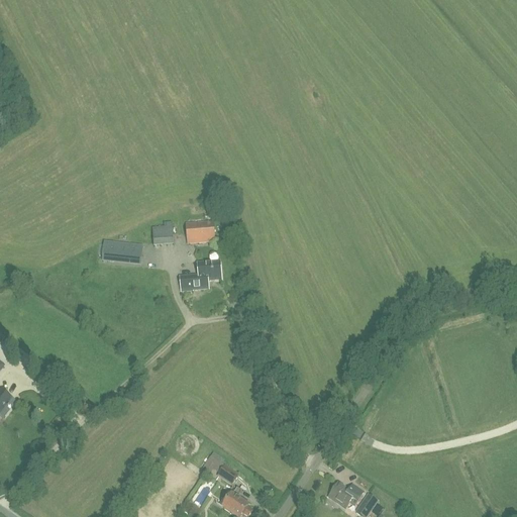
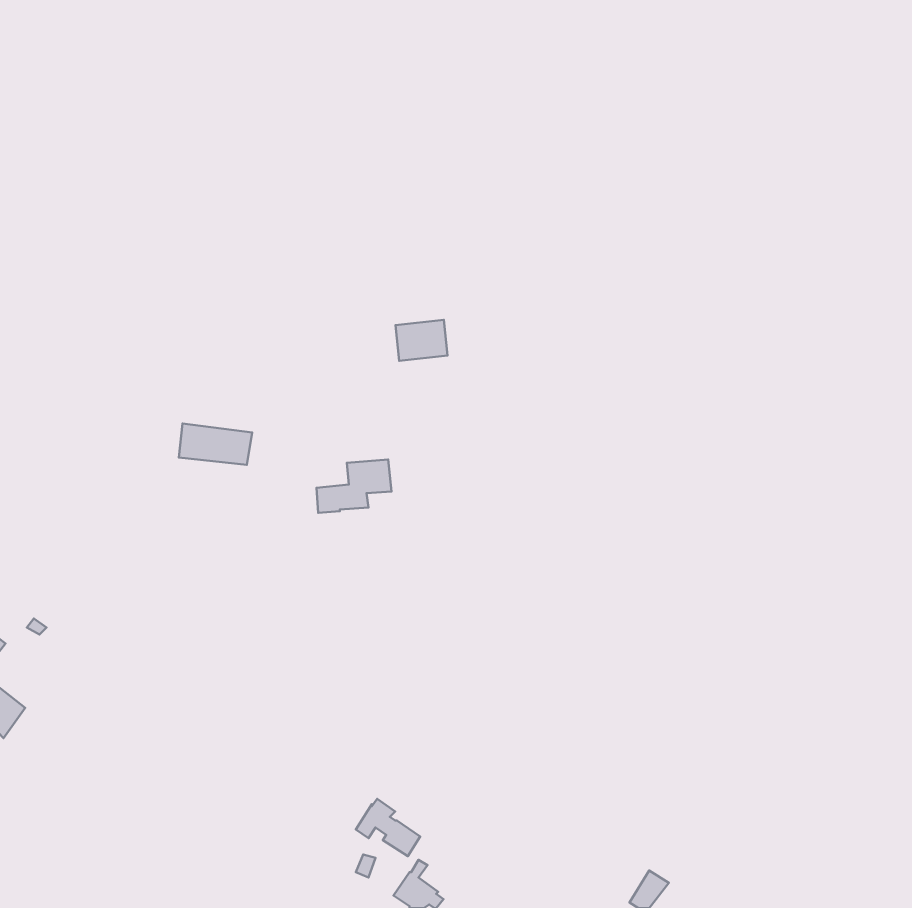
building: [185,219,214,242] -> [396,320,447,361]
building: [151,224,173,244] -> none
building: [327,481,363,504] -> none

